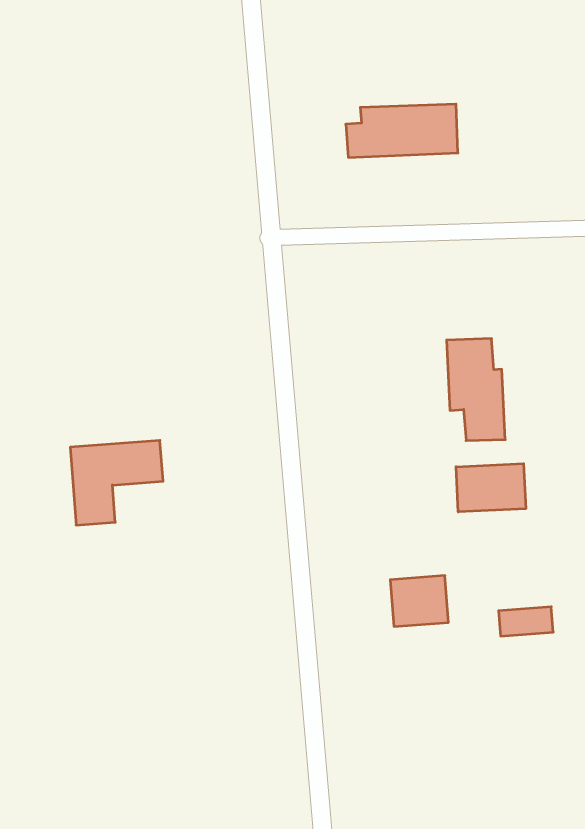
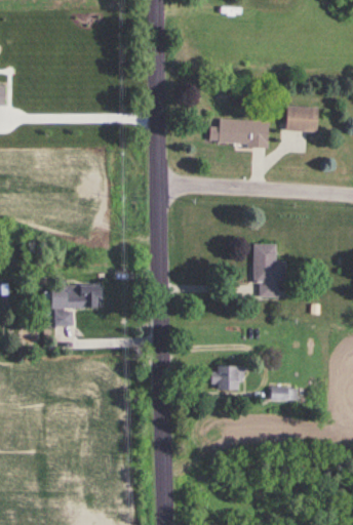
building: none -> [285,106,317,130]
building: [456,464,526,512] -> none

